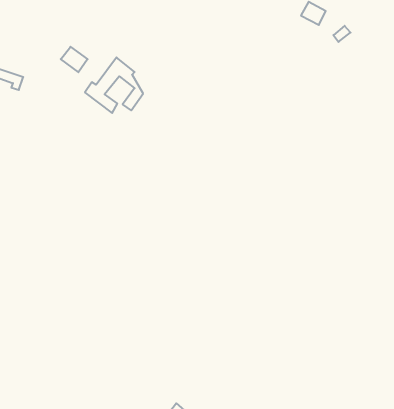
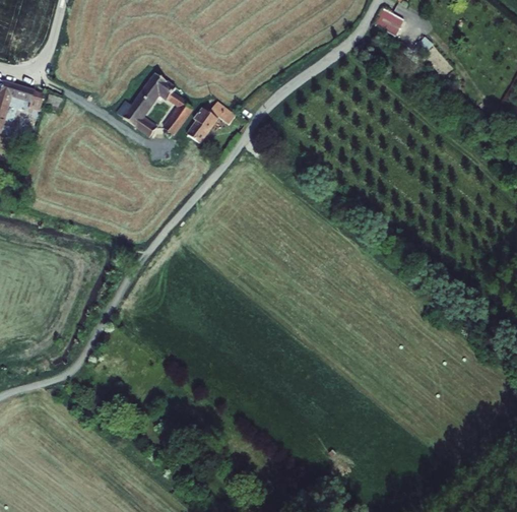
building: [61,47,88,72] -> none
building: none -> [195,99,225,130]

